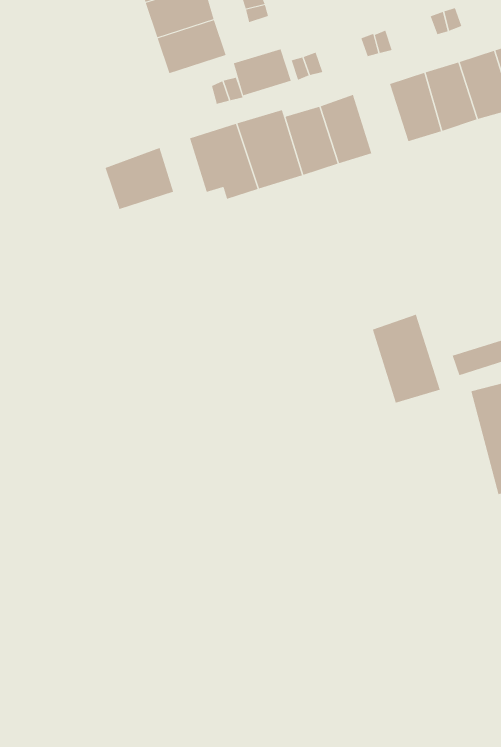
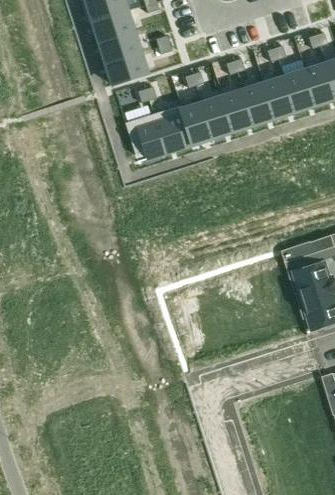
building: [233,49,292,96] -> none
building: none -> [223,90,255,131]
building: [105,147,174,210] -> none
building: [372,314,440,404] -> none

